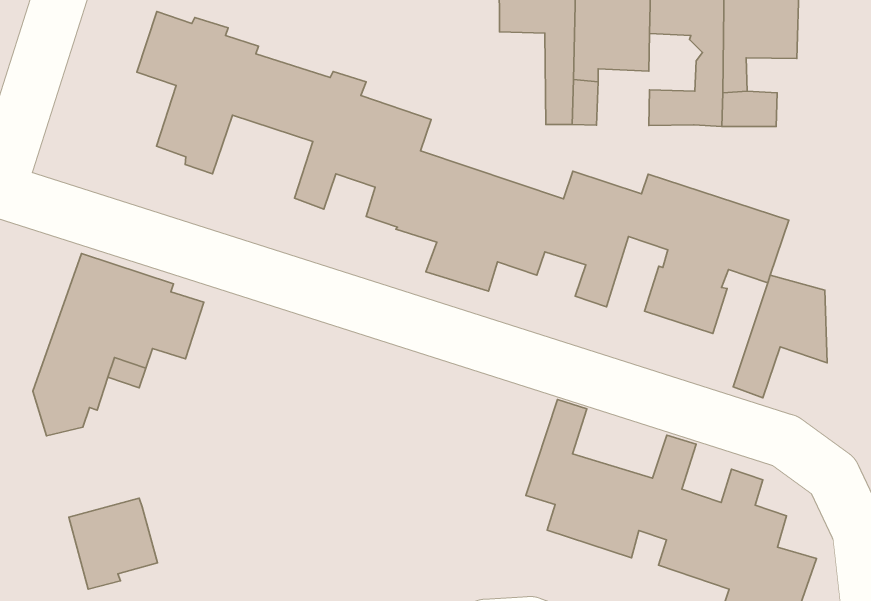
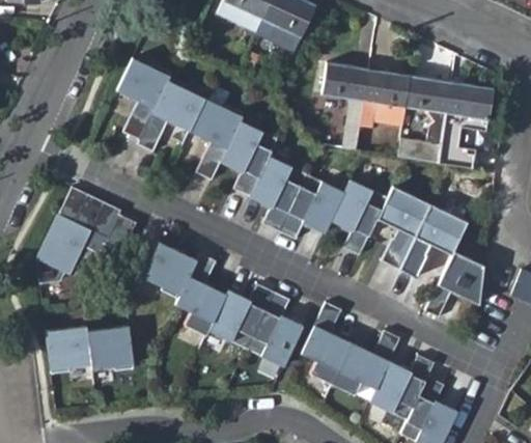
building: none -> [142,243,303,366]
building: none -> [87,326,133,370]

